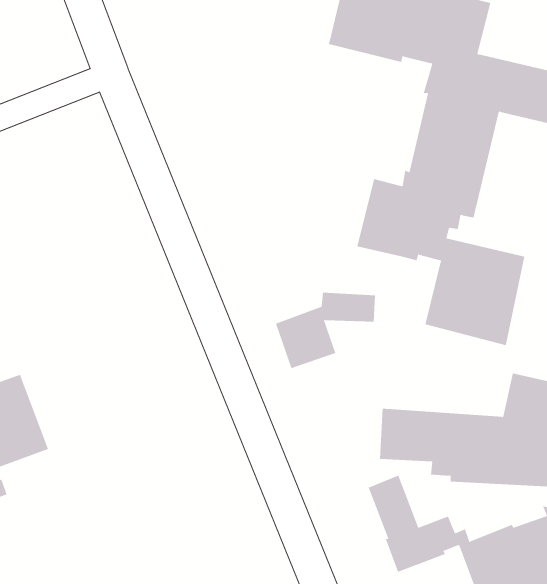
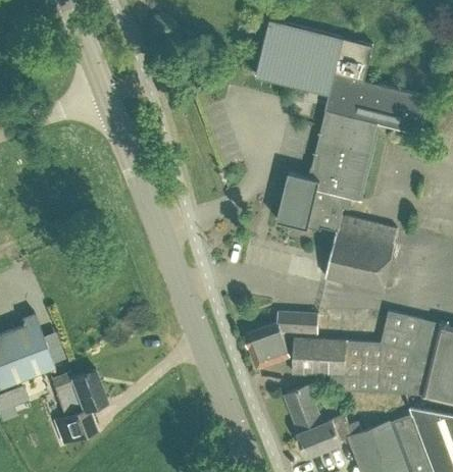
building: [275,292,376,369] -> [244,312,316,367]
building: none -> [51,365,107,439]

